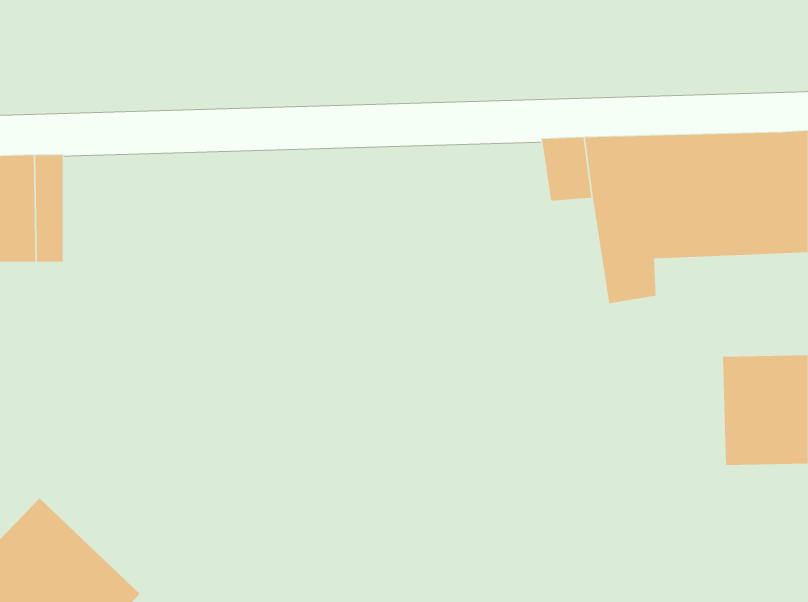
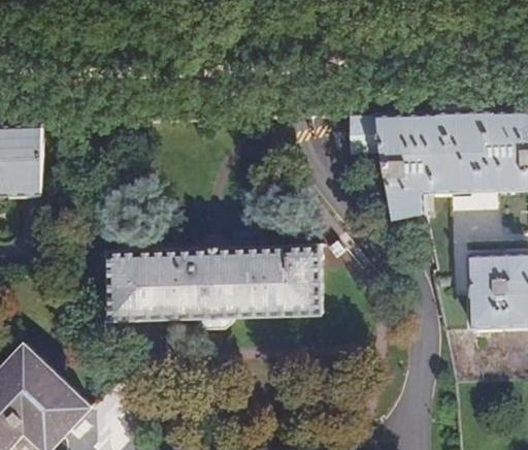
building: none -> [108,246,322,333]

